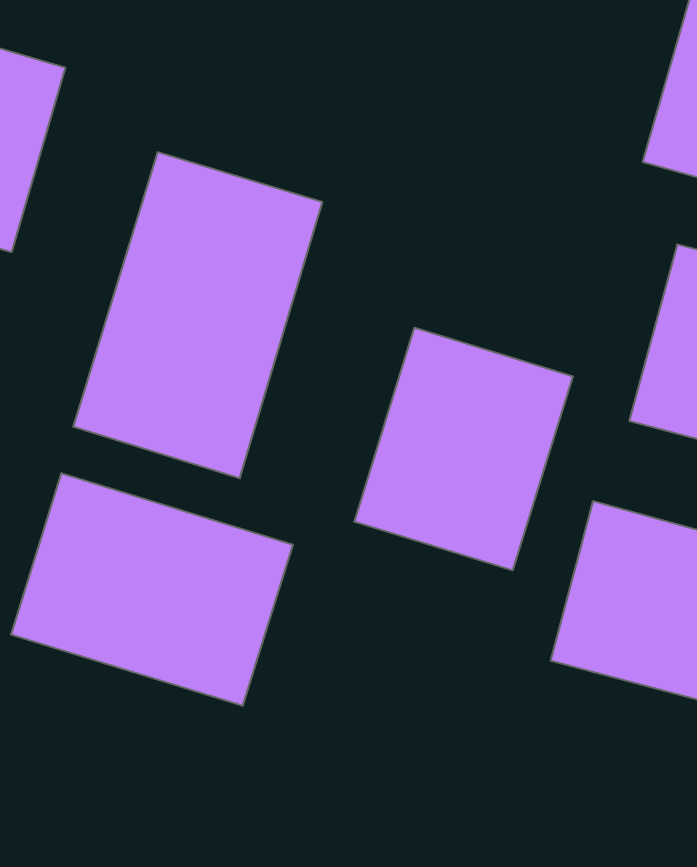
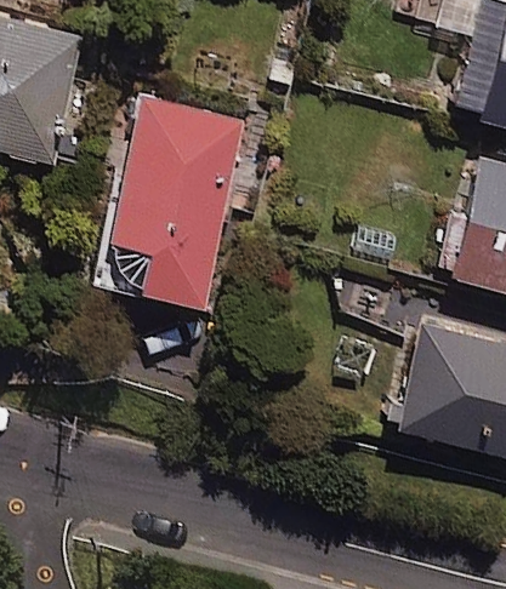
building: [354,328,573,570] -> none
building: [11,473,293,706] -> none

